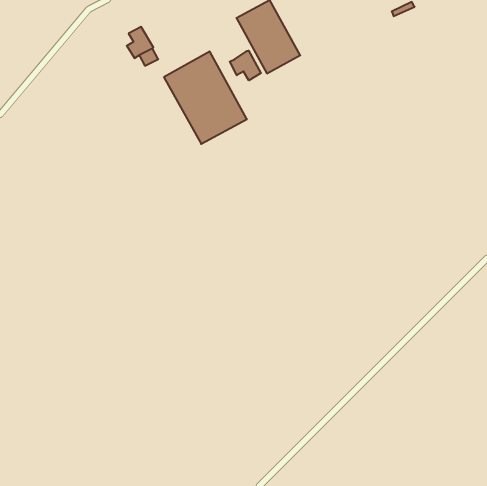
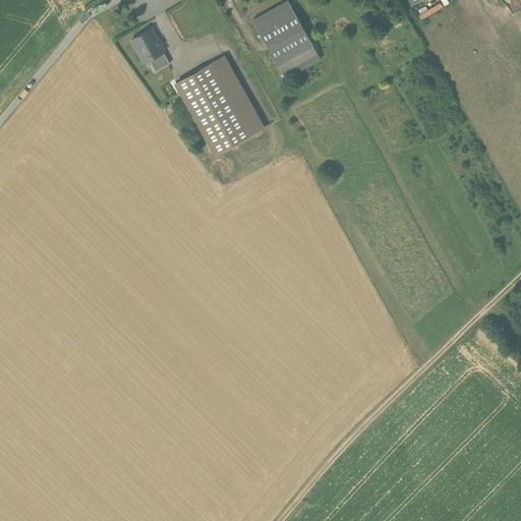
building: [230,51,261,80] -> none

